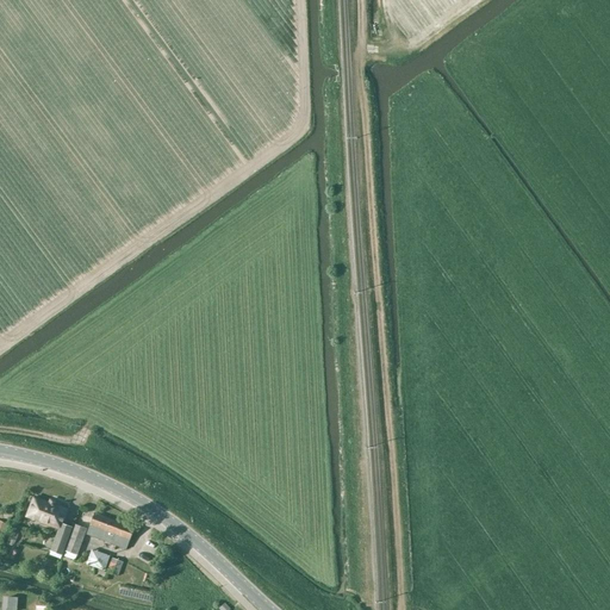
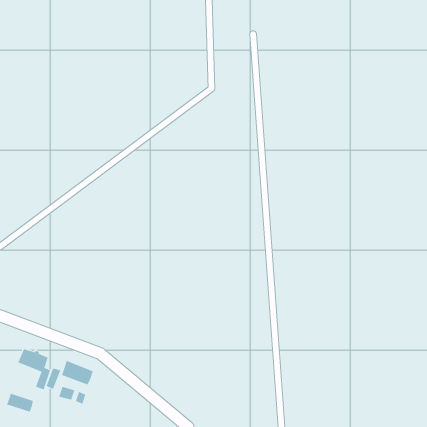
building: none -> [6,393,34,412]

